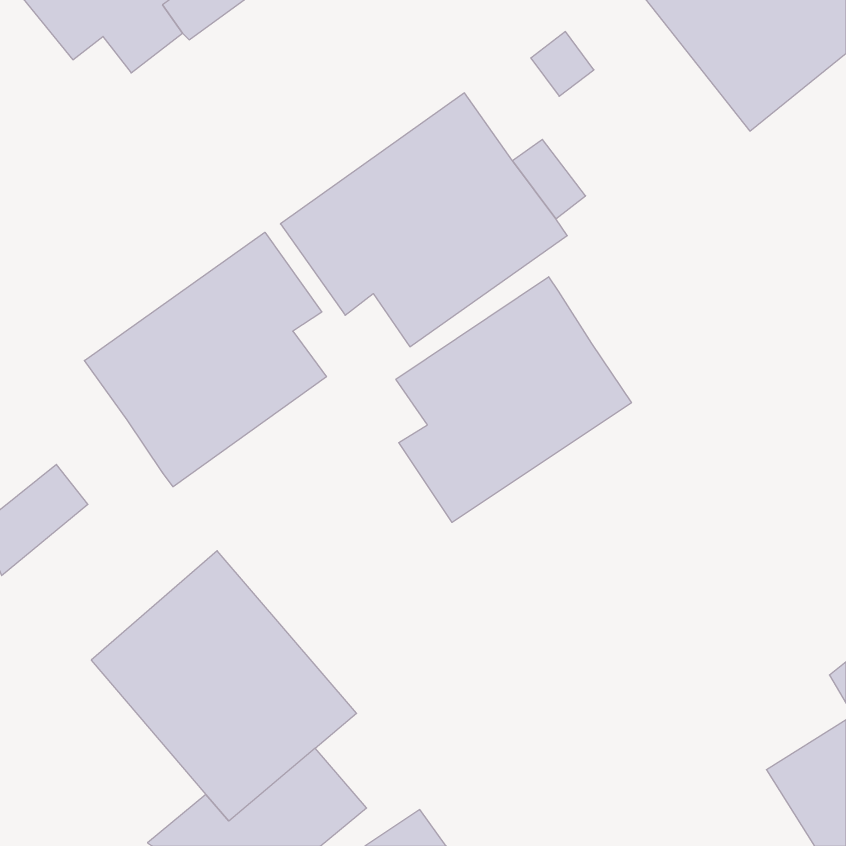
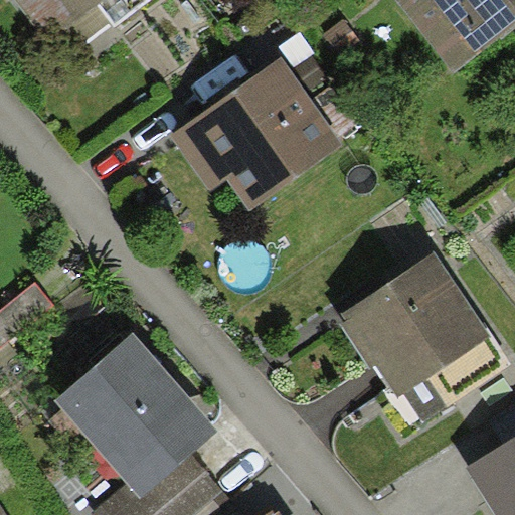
building: [84,232,326,487] -> none
building: [396,277,631,522] -> none
building: none -> [336,251,490,396]

